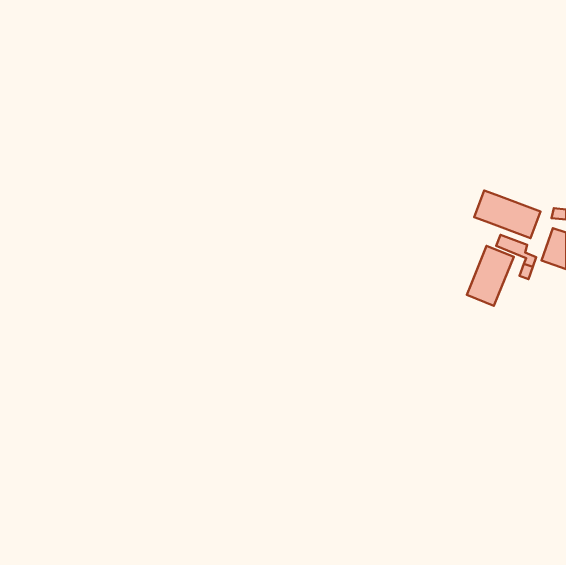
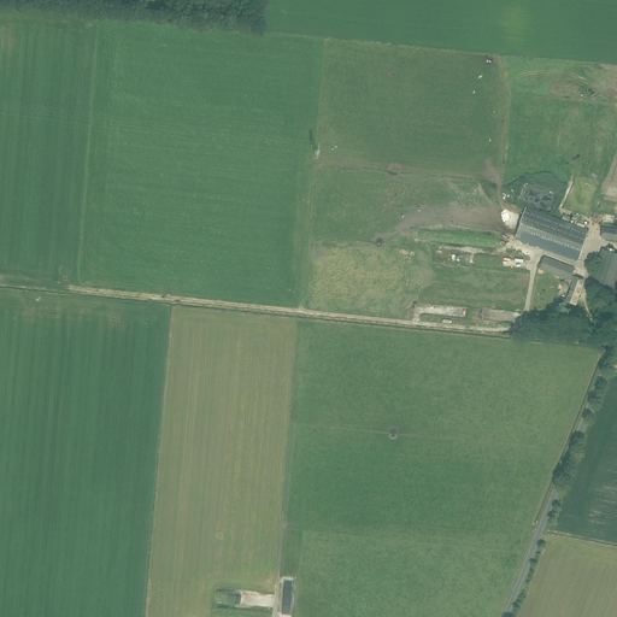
building: [467,246,514,306] -> none

